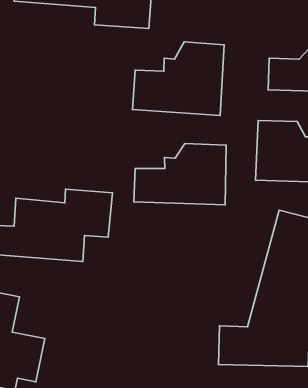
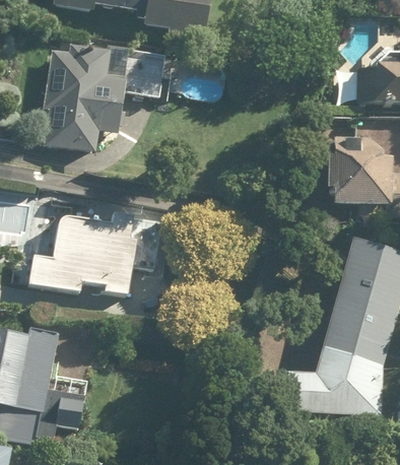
building: none -> [50,46,163,151]
building: [132,42,224,115] -> none
building: [134,143,226,205] -> none

